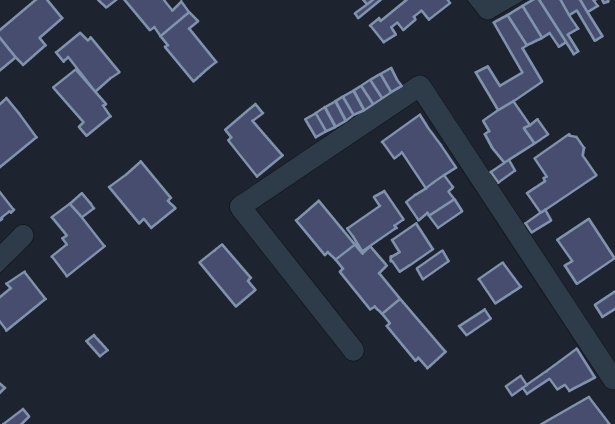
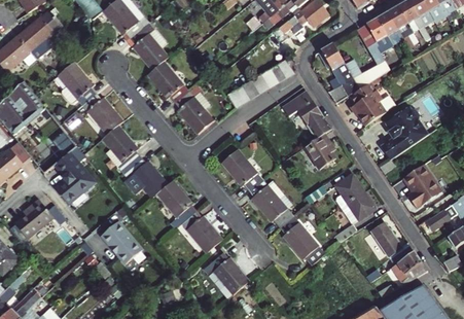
building: [56,33,119,92] -> [79,93,122,133]
building: none -> [321,43,360,104]
building: none -> [146,60,188,102]
building: [347,191,403,251] -> none
building: none -> [123,155,167,198]
building: [391,223,433,272] -> [334,175,363,208]
building: none -> [181,211,221,252]
building: none -> [100,221,139,263]
building: none -> [369,222,414,267]
building: none -> [203,253,249,296]

